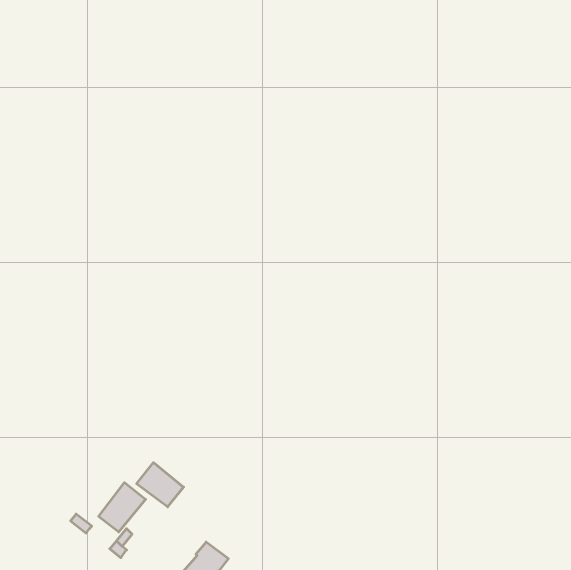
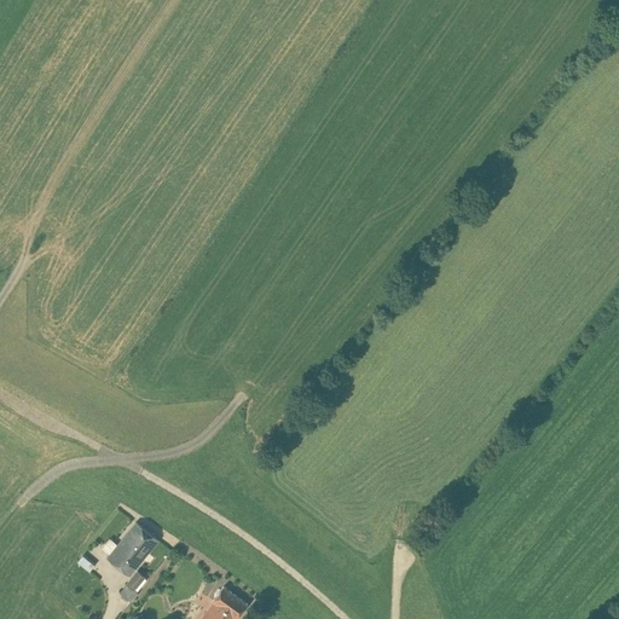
building: [137,463,184,507] -> none

